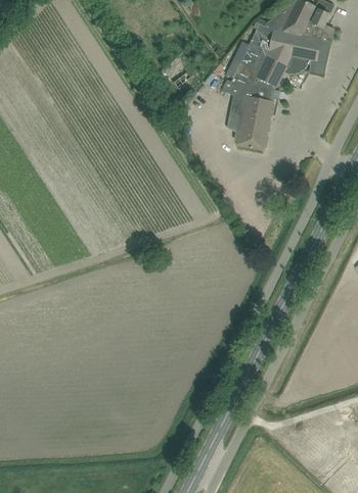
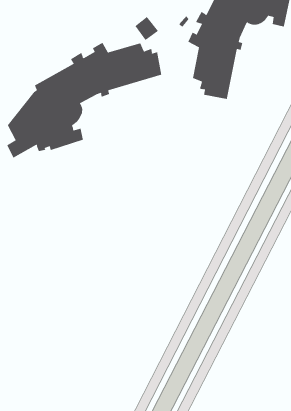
building: none -> [6,42,162,159]

